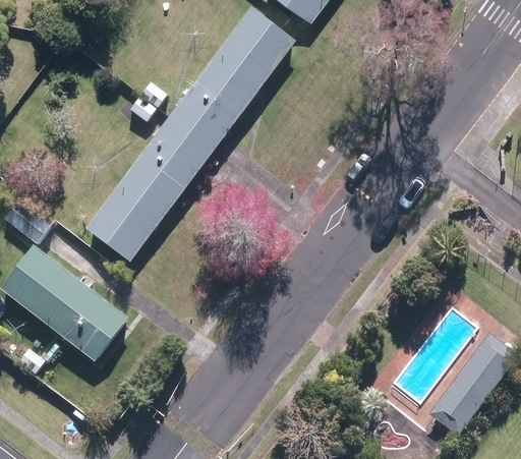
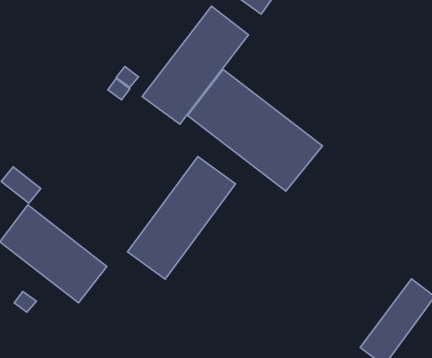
building: none -> [188,69,322,191]
building: [85,116,214,262] -> [128,156,236,279]

